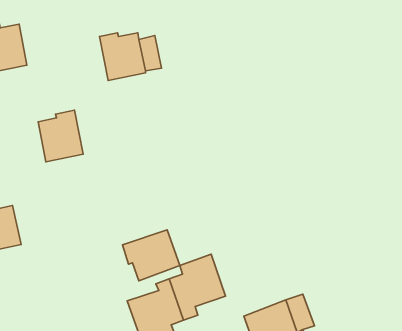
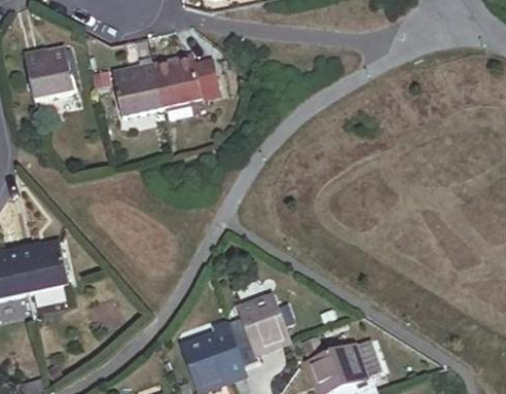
building: [38,110,83,162] -> [113,61,161,116]
building: [122,230,180,281] -> none

